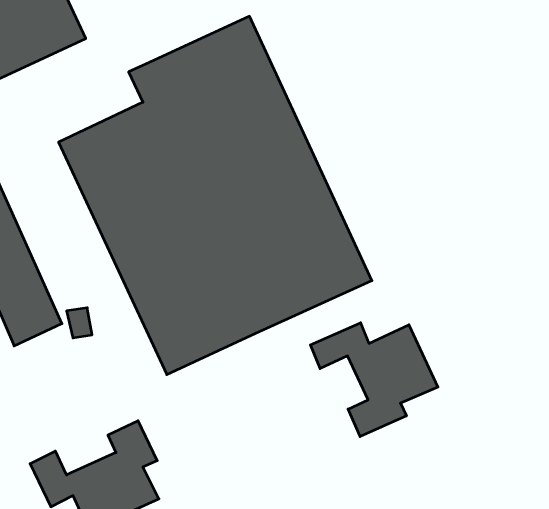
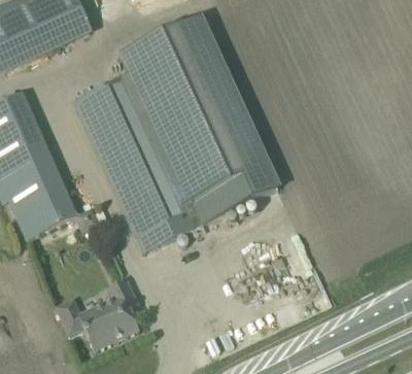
building: [310,323,438,437] -> none

